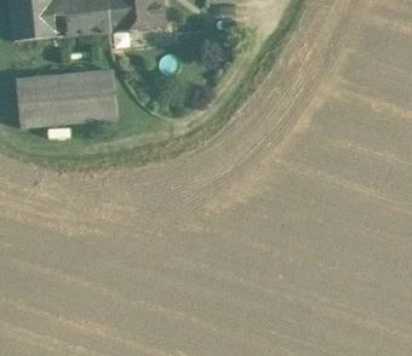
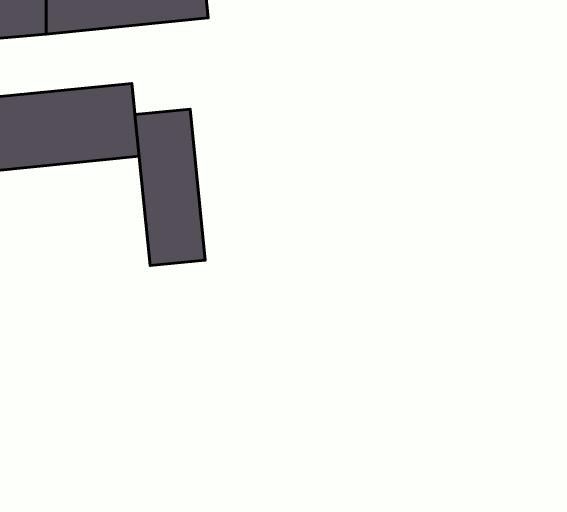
building: none -> [135,109,205,266]

